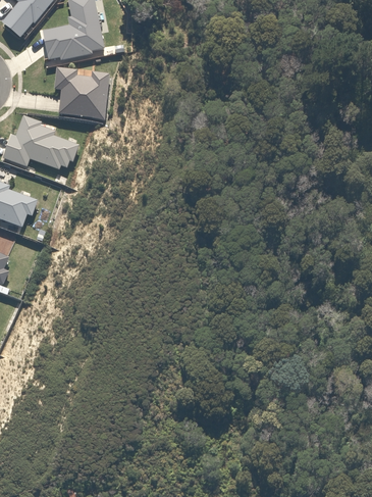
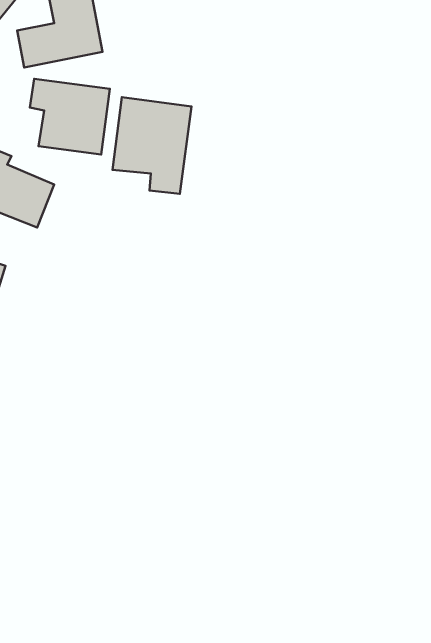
building: none -> [113,97,191,194]

